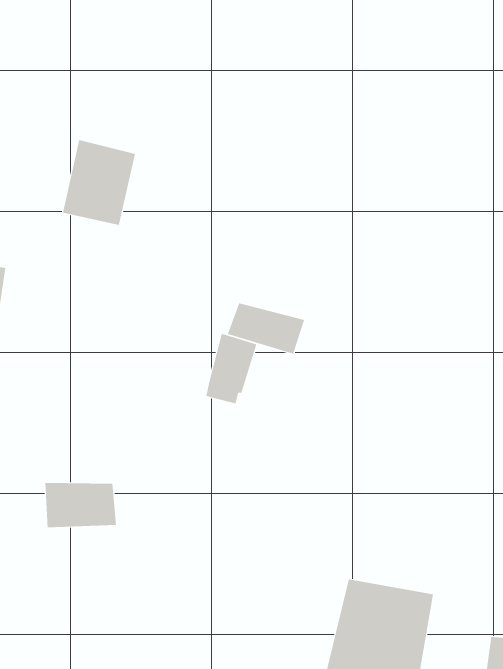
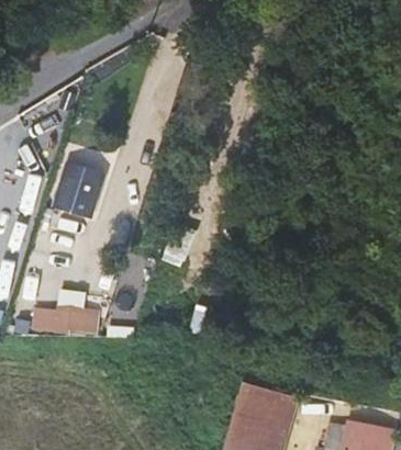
building: [62,139,136,225] -> [56,161,105,217]
building: [227,303,305,355] -> none

